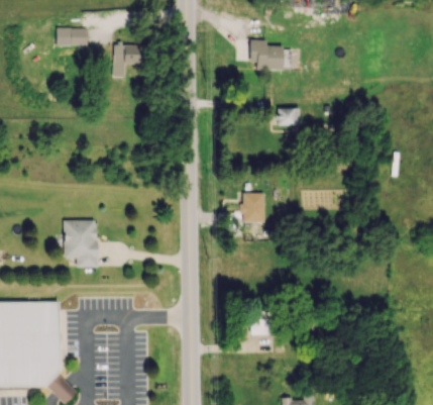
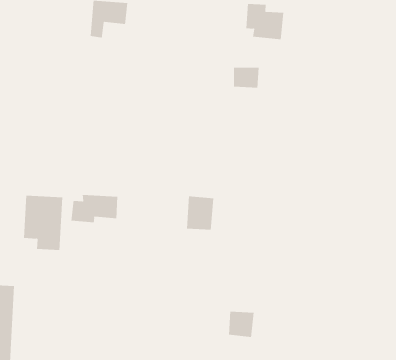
building: [277,107,300,125] -> [233,67,259,88]
building: [241,193,264,222] -> [186,196,214,230]
building: none -> [71,194,118,223]

